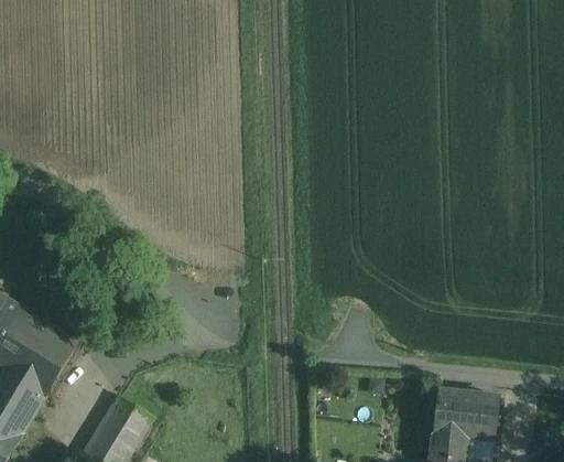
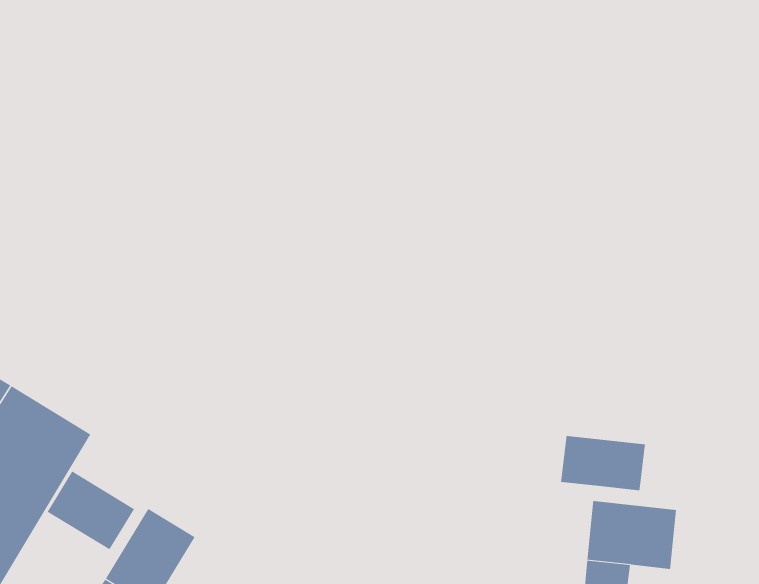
building: none -> [560,435,645,491]
building: none -> [47,471,135,550]

